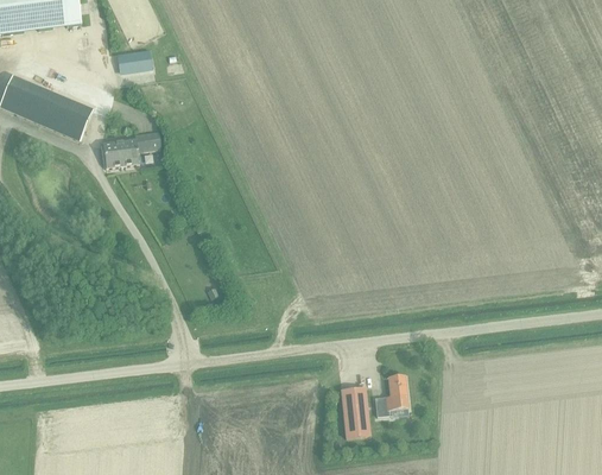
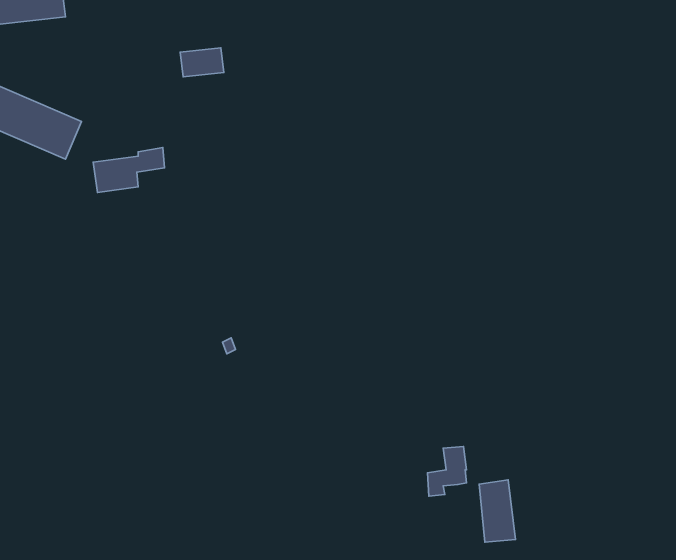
building: [118,48,153,71] -> [180,48,224,77]
building: [341,386,370,437] -> [479,480,515,542]

